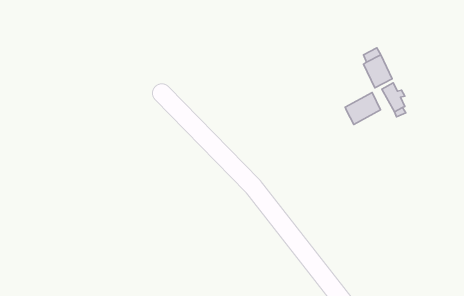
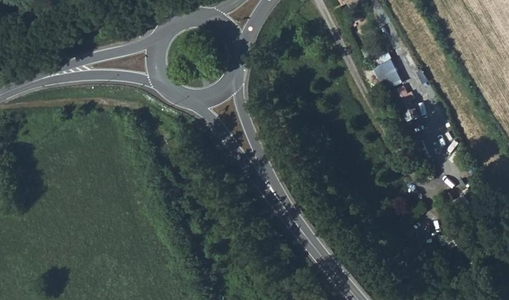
building: [345,93,381,125] -> none

